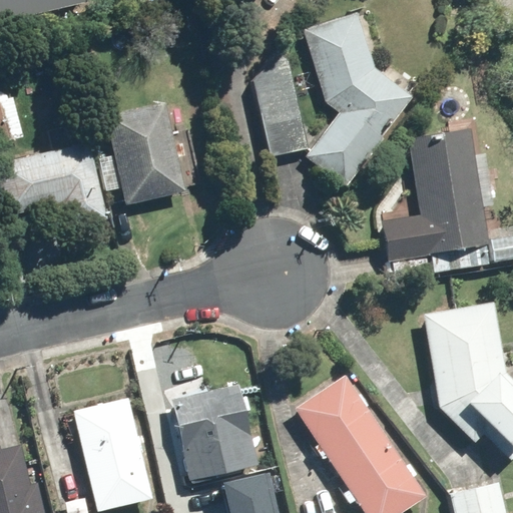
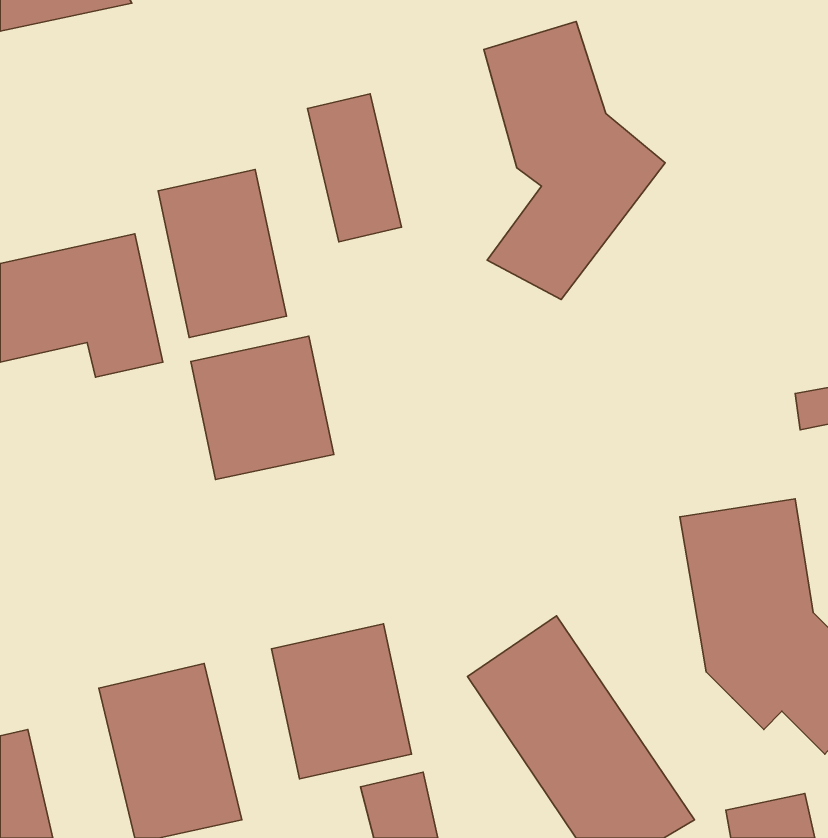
building: [251,62,309,152] -> [308,94,401,242]
building: [380,129,493,262] -> none
building: none -> [191,336,334,480]

